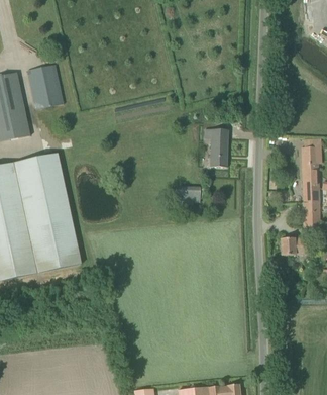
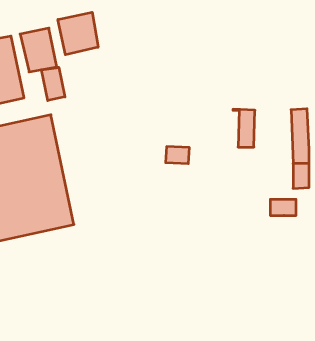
building: none -> [58,12,98,55]
building: none -> [41,67,65,101]
building: [205,127,227,166] -> [233,109,255,147]

